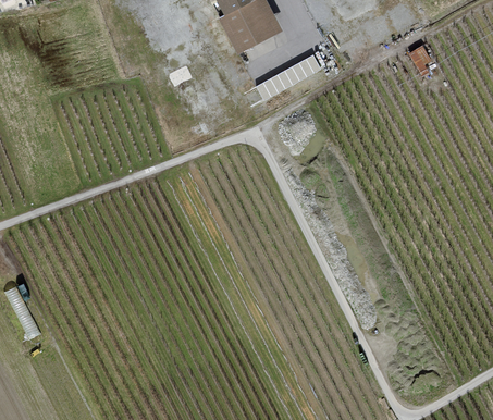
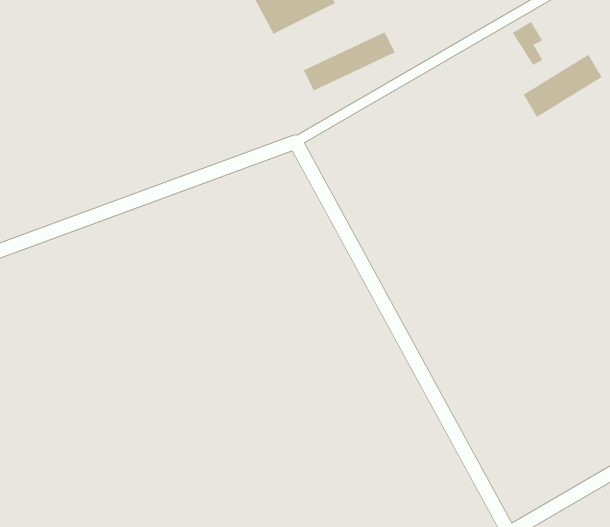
building: none -> [523,54,603,118]

